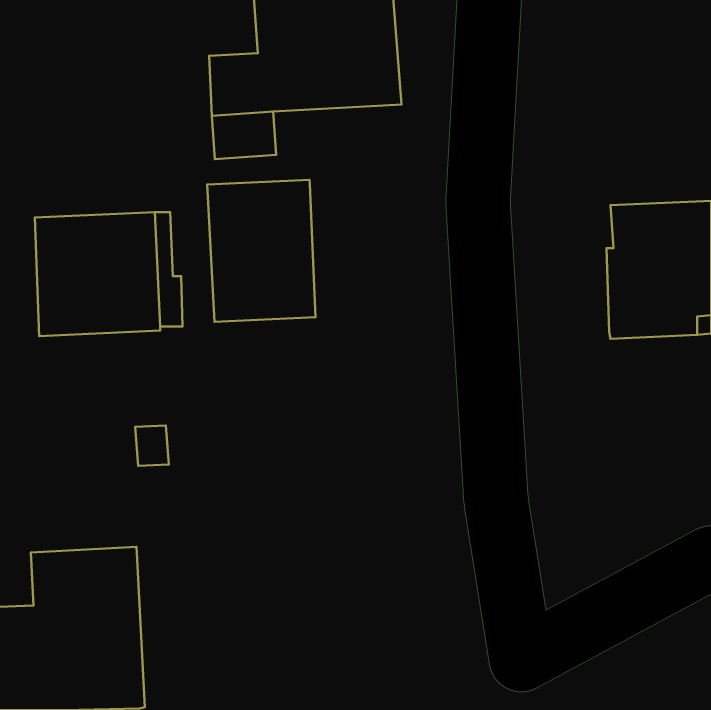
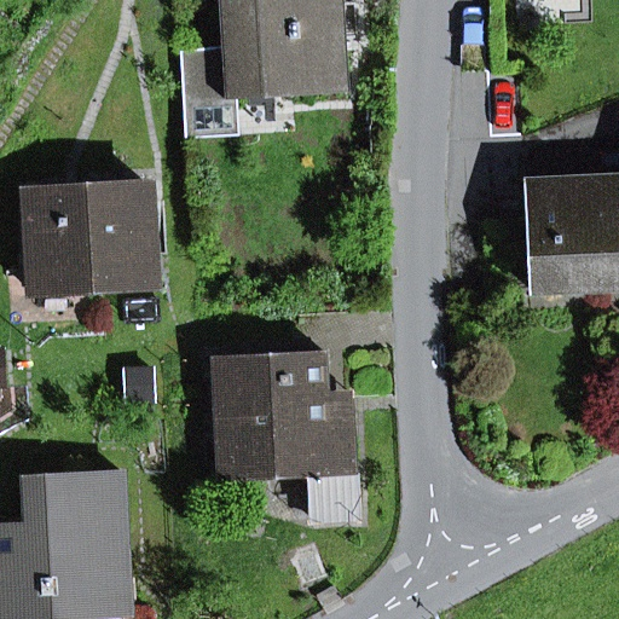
building: [207,180,316,322] -> none
building: none -> [213,353,358,519]

